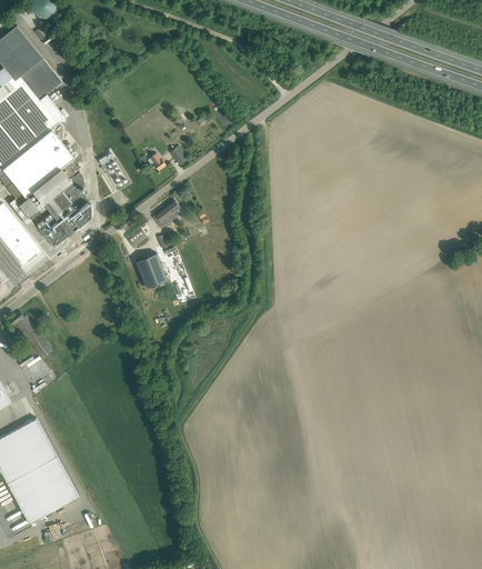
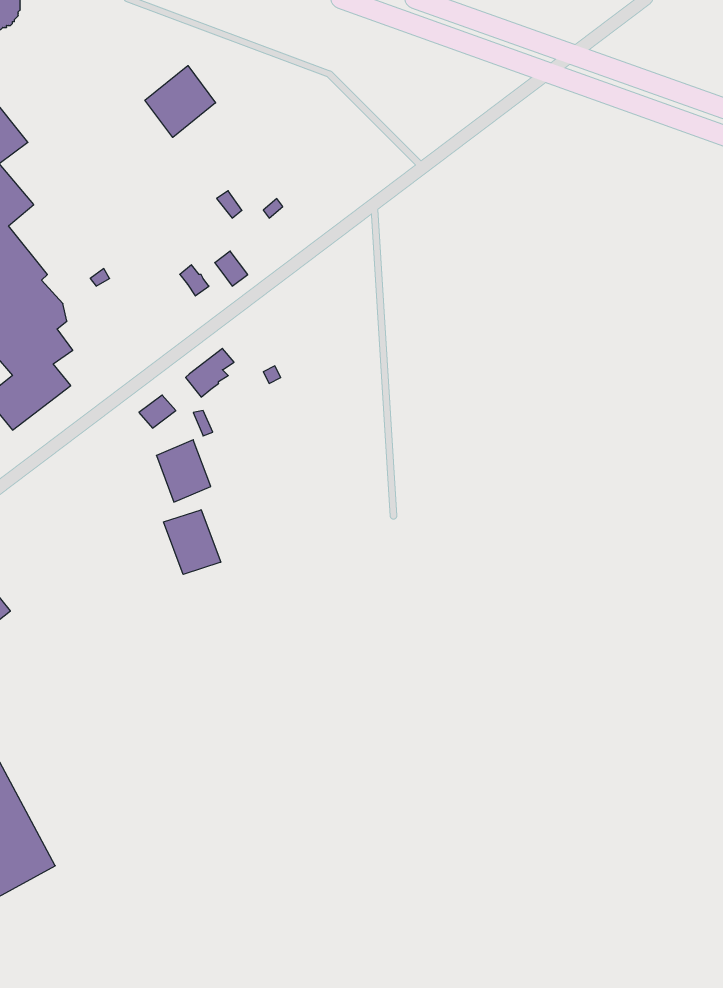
building: none -> [145,66,216,137]
building: none -> [164,510,221,574]

